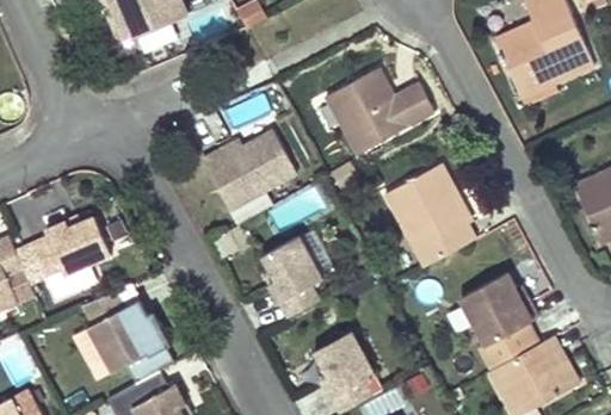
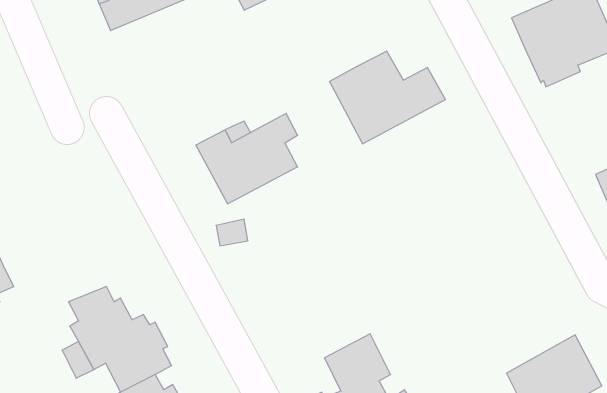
building: [387,161,480,266] -> none
building: [32,211,110,275] -> none
building: [263,234,325,316] -> none
building: [459,272,541,347] -> none

